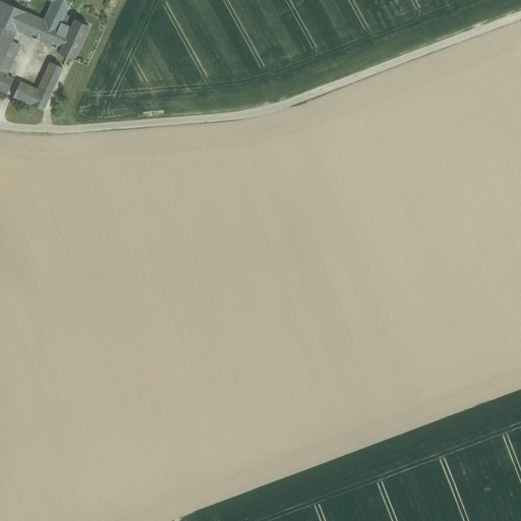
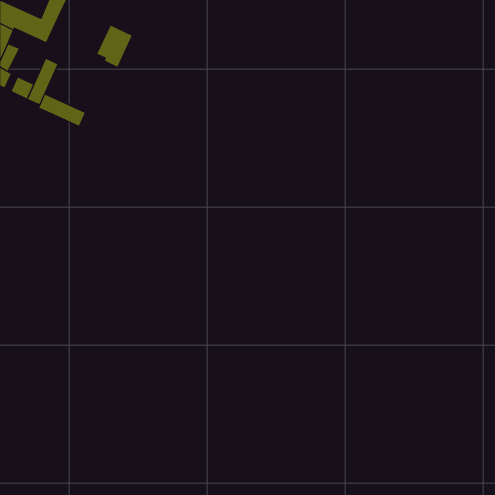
building: [49,14,86,59] -> [97,25,132,68]
building: none -> [38,94,86,126]

